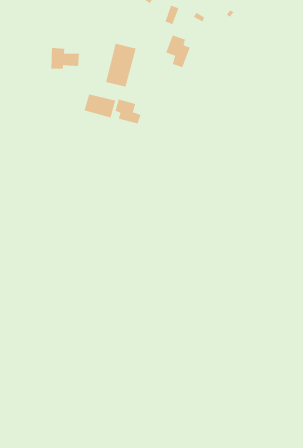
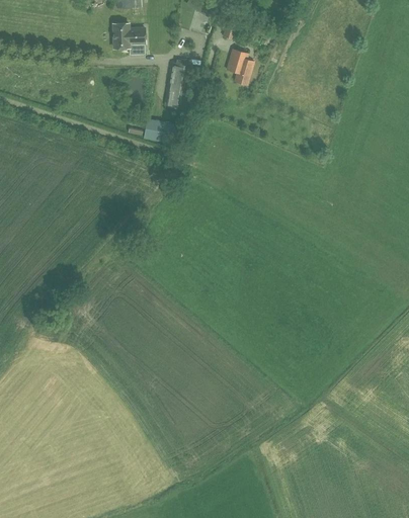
building: [50,47,80,70] -> [112,23,144,48]
building: [114,99,141,125] -> none

